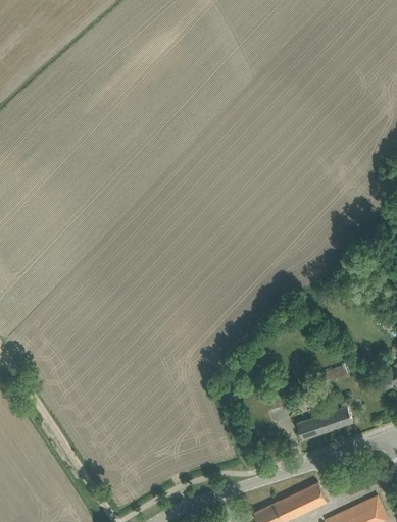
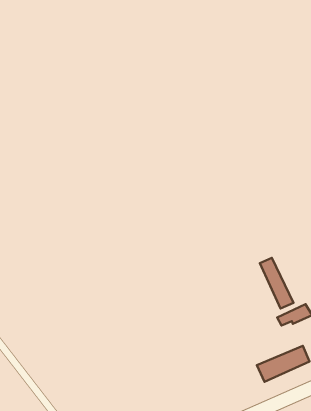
building: none -> [260,258,294,308]

